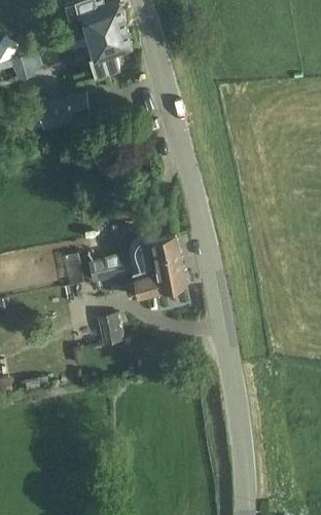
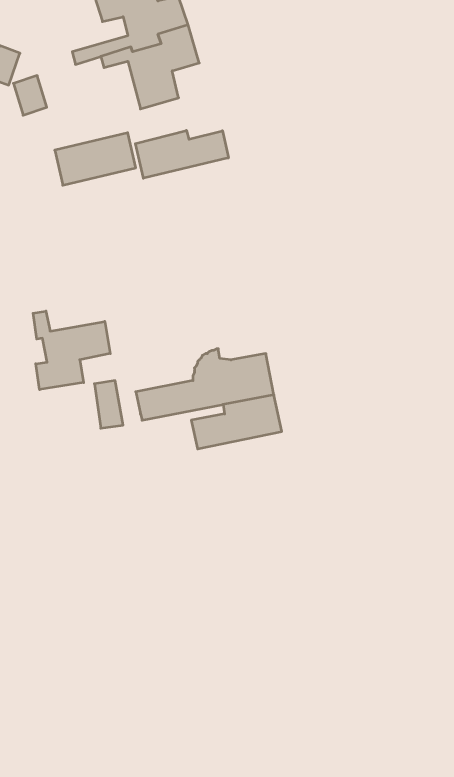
building: none -> [135,130,228,178]
building: none -> [33,311,110,390]
building: [99,316,124,346] -> none

